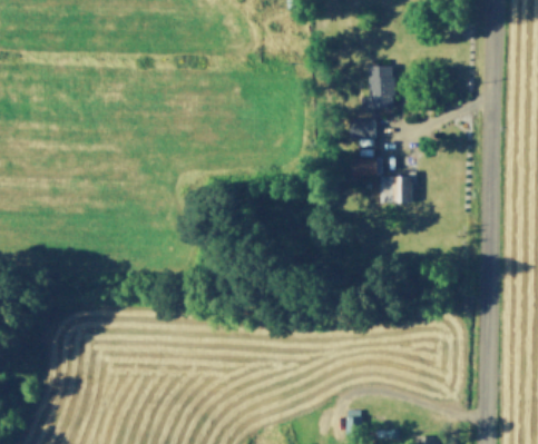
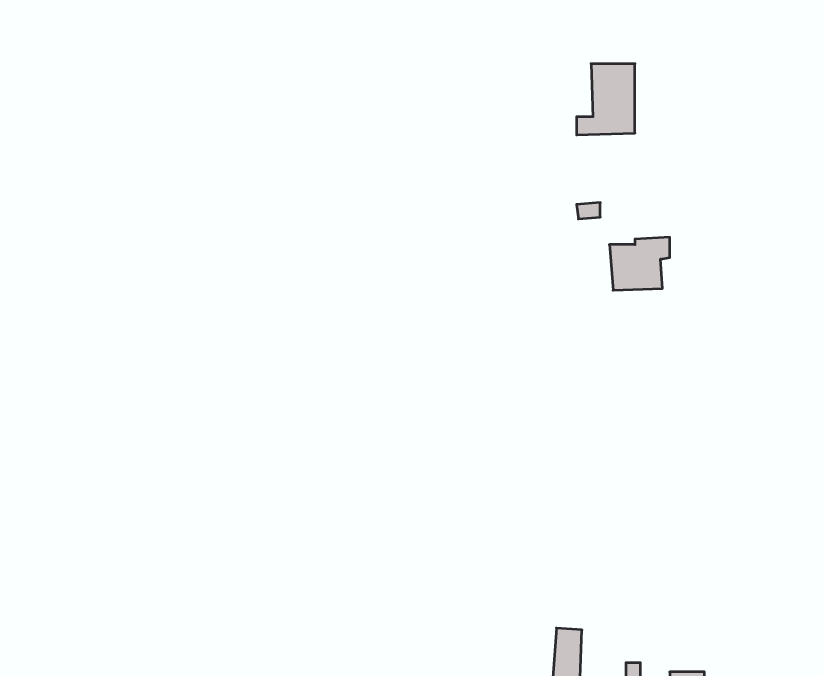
building: [349,117,375,139] -> none
building: [354,160,380,179] -> none

